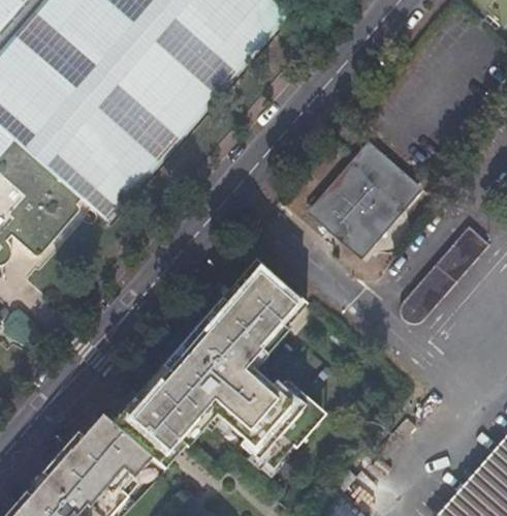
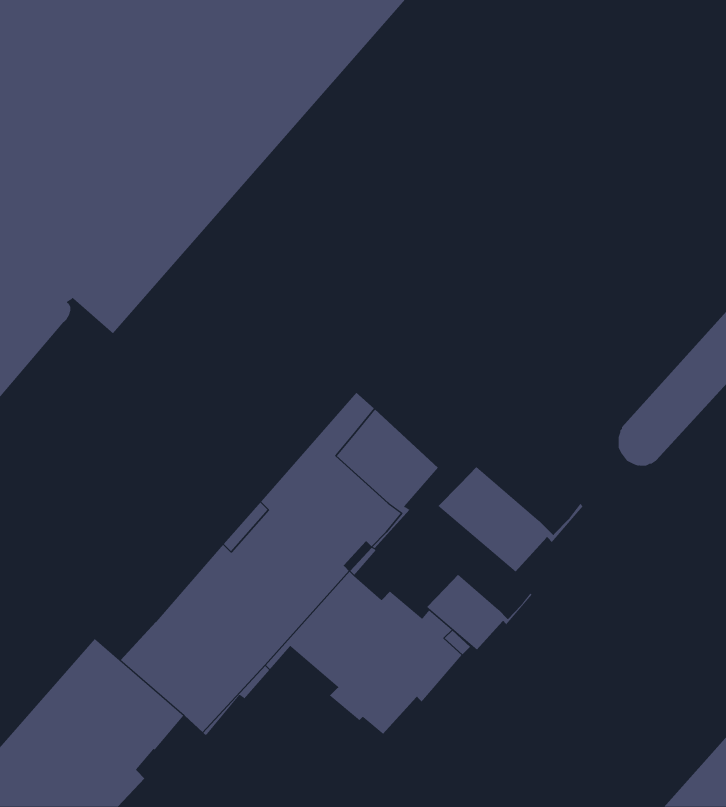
building: [310,146,418,252] -> none
building: none -> [438,466,583,572]
building: none -> [426,574,532,651]

